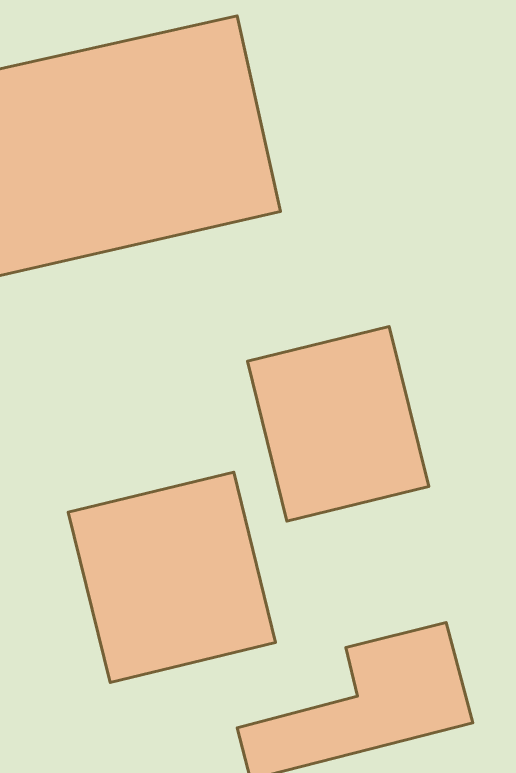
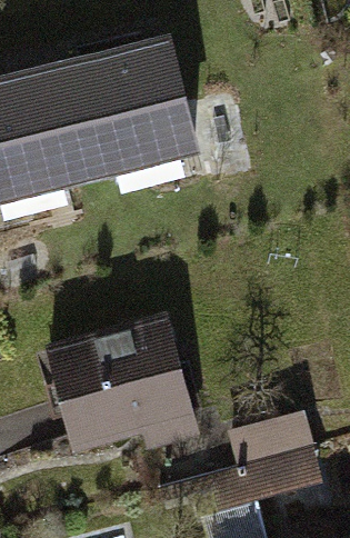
building: [247,326,429,521] -> none

